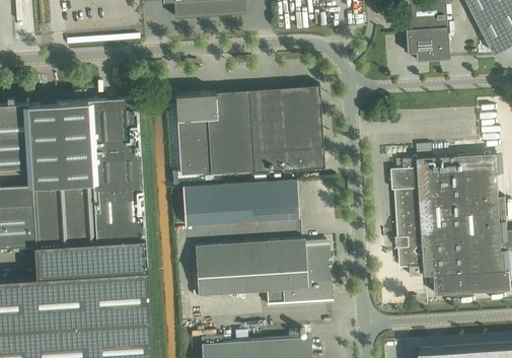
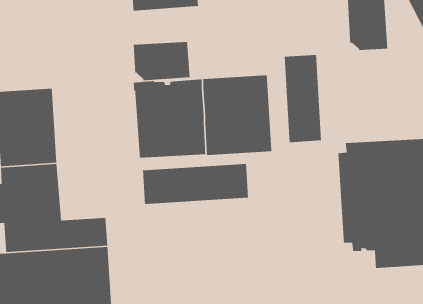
building: none -> [133,41,190,81]
building: none -> [284,54,322,143]
building: [87,98,145,242] -> none
building: [196,239,330,306] -> none

